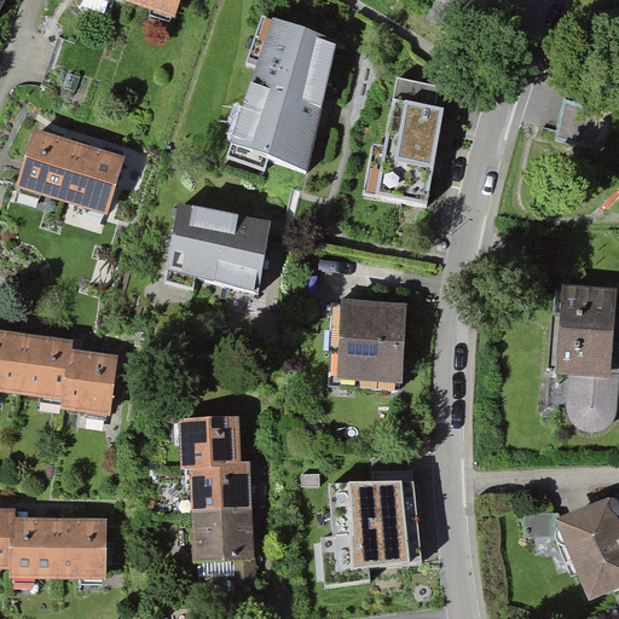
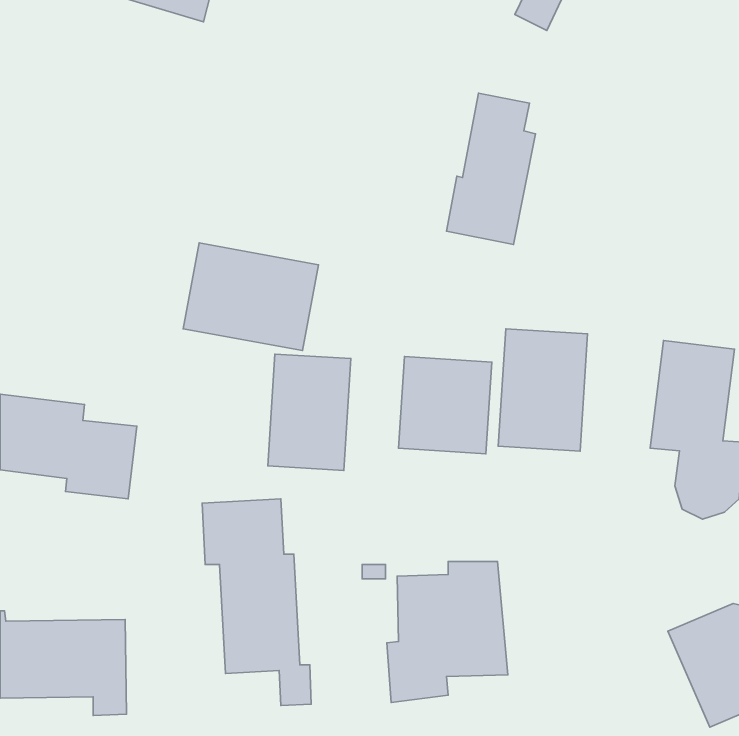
building: [224,19,342,173] -> none
building: [8,128,122,215] -> none
building: none -> [498,329,588,451]
building: none -> [268,354,351,470]

